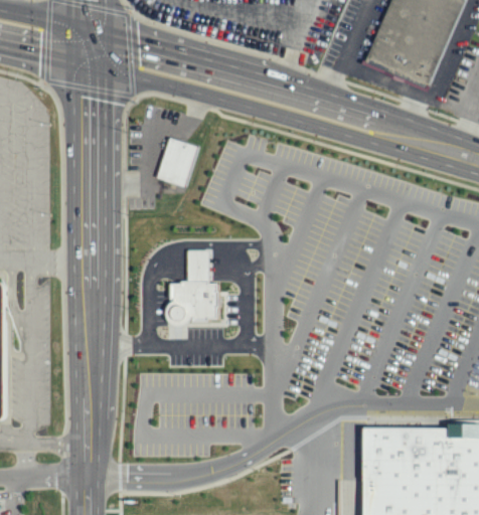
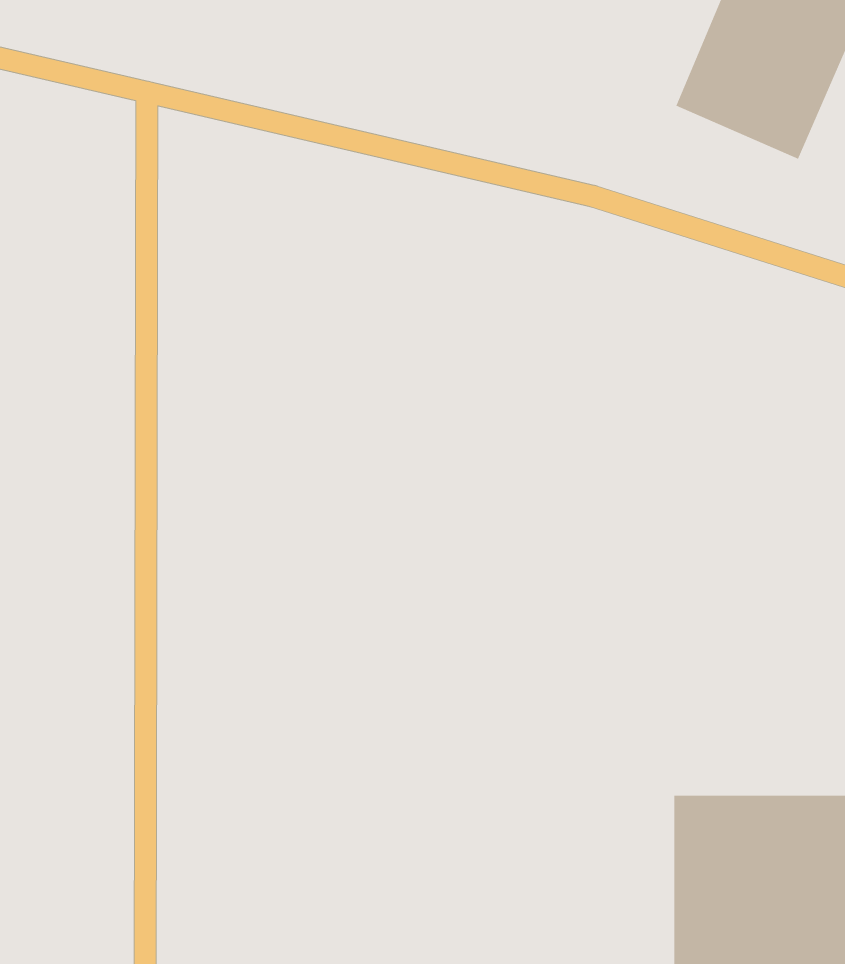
building: [155,137,198,187] -> none
building: [166,248,218,325] -> none

